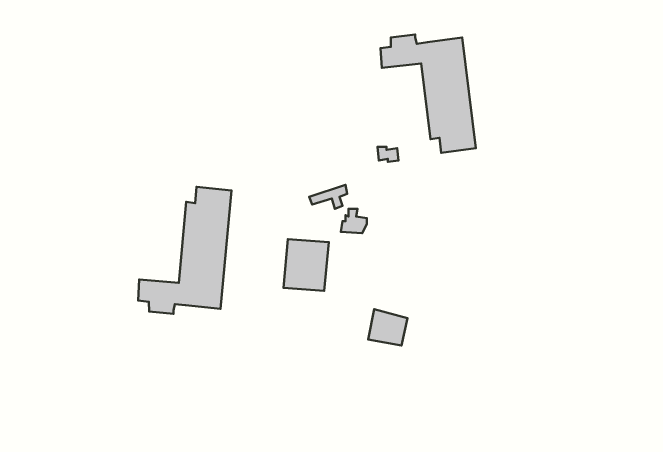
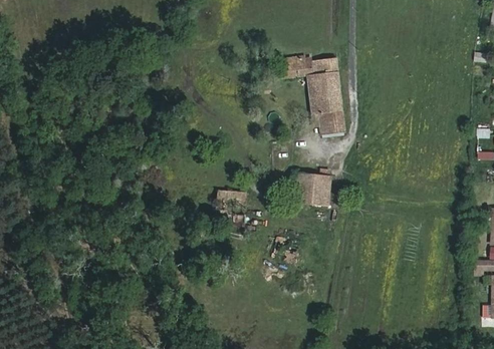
building: [138,187,232,314] -> none
building: none -> [295,169,330,204]

